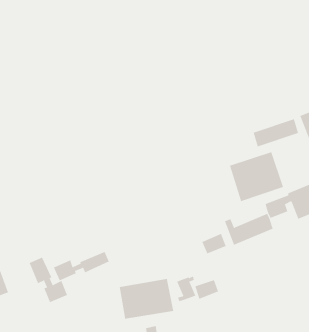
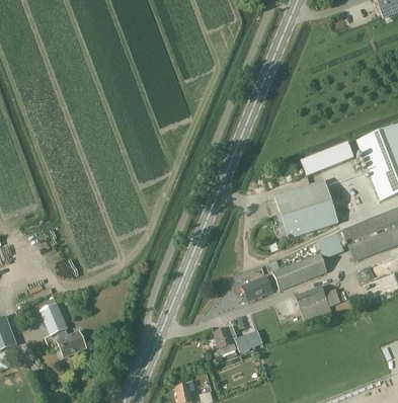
building: none -> [295,286,340,322]
building: [53,251,109,281] -> none
building: [119,278,174,320] -> none

